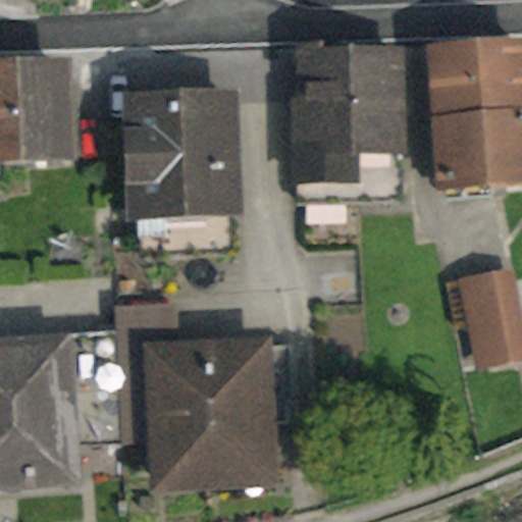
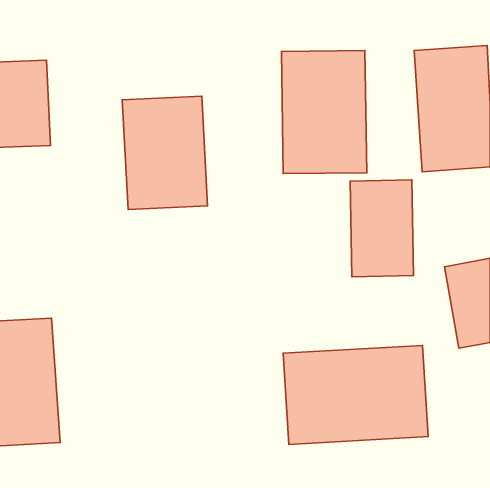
building: none -> [350,180,413,277]
building: [150,340,258,470] -> none
building: none -> [283,345,428,444]

